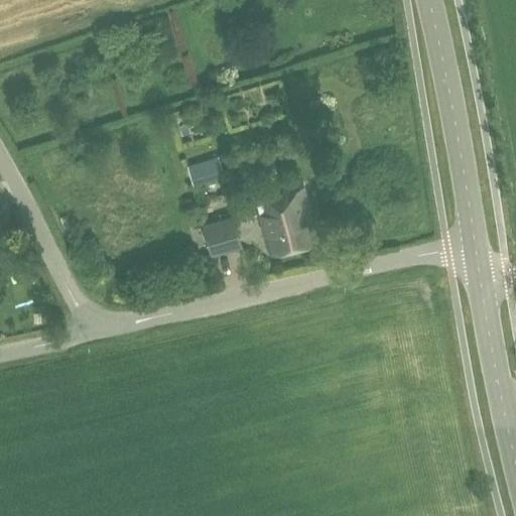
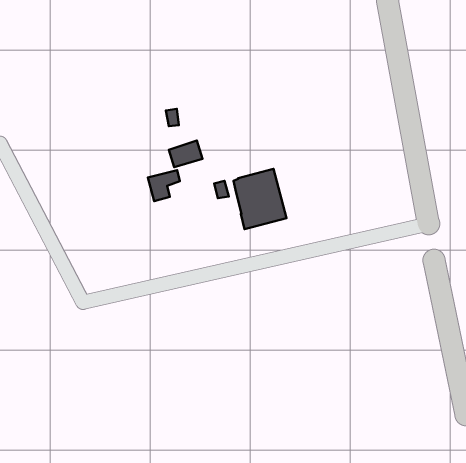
building: [203,220,238,254] -> [148,170,180,201]

